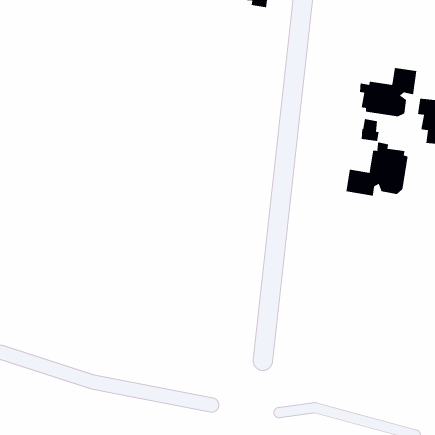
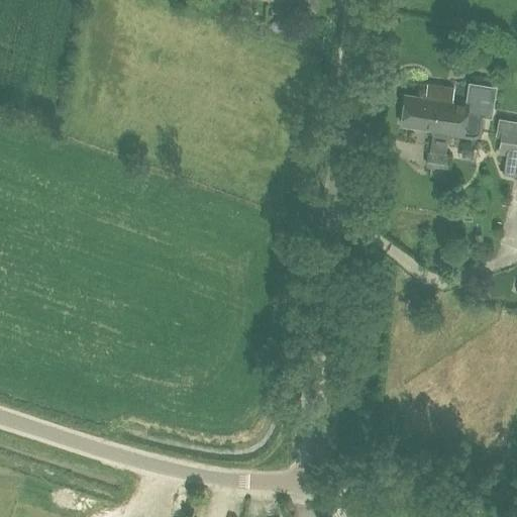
building: none -> [401,95,431,127]
building: [346,142,408,197] -> none

